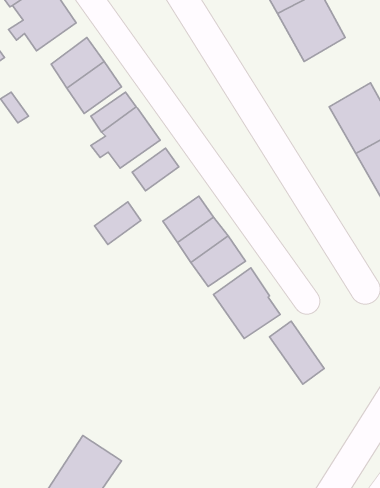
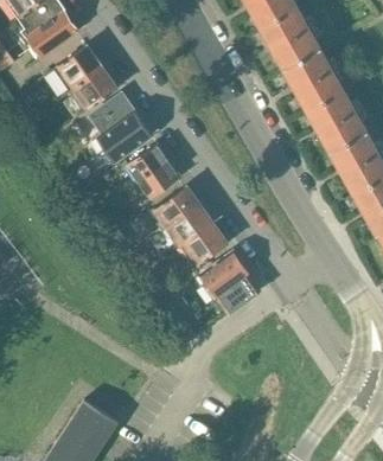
building: none -> [280,44,339,105]
building: [94,202,141,244] -> [139,159,180,197]
building: [270,321,324,384] -> none

